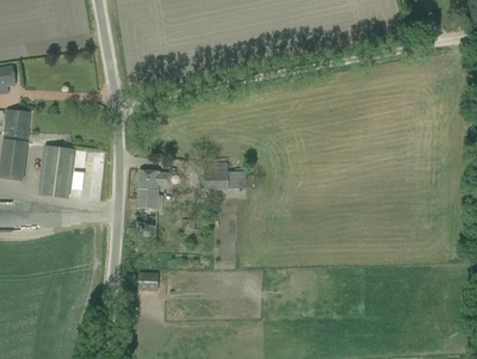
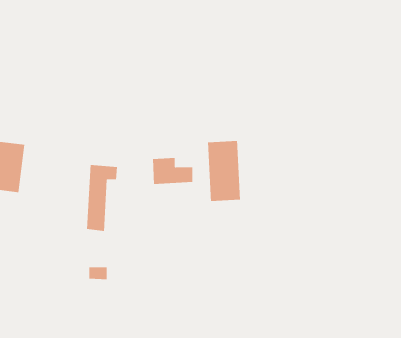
building: none -> [207,140,240,202]

